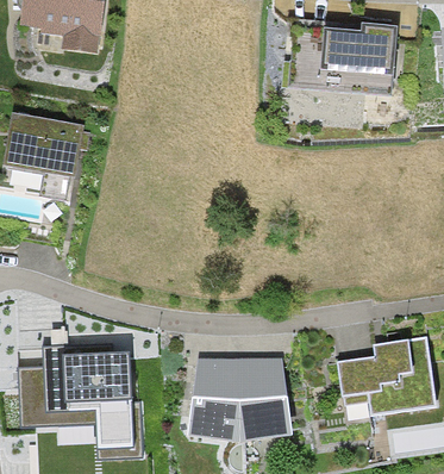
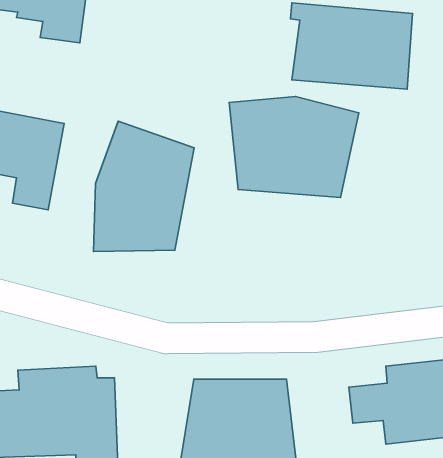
building: none -> [229,96,359,198]
building: none -> [93,121,194,251]

